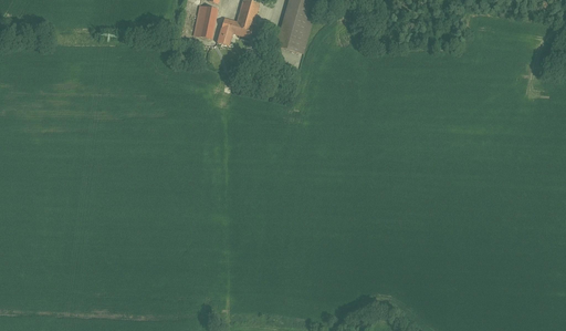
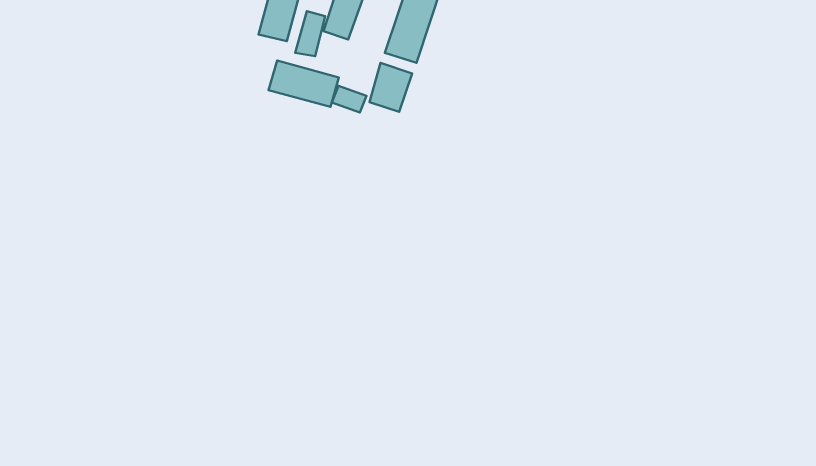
building: none -> [269,61,339,107]
building: none -> [369,63,412,112]

